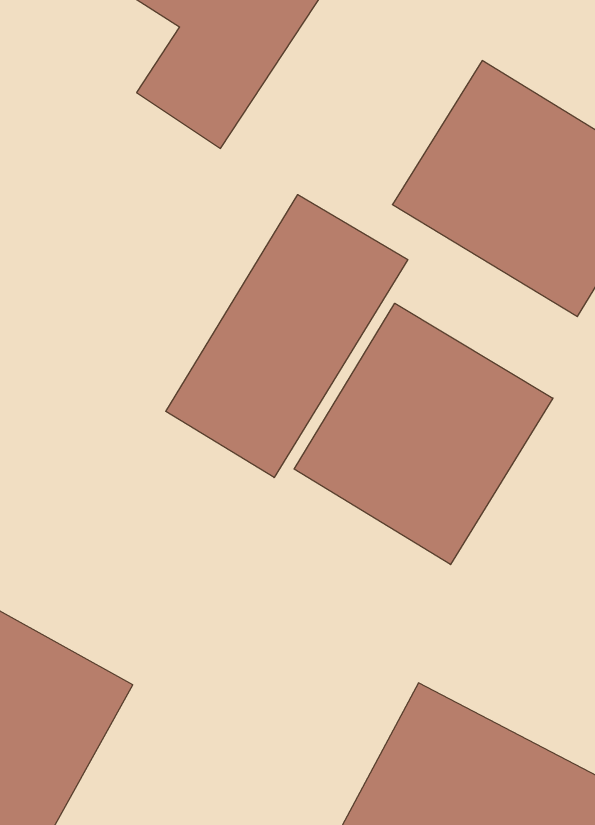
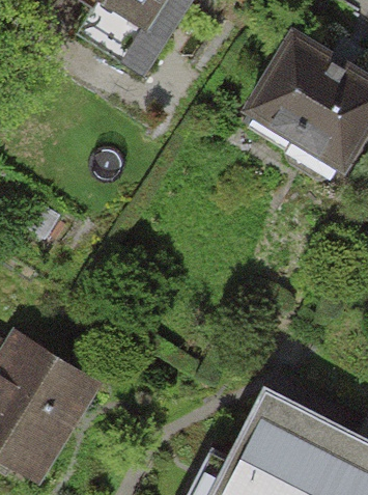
building: [166,195,408,478] -> none
building: [294,303,553,565] -> none

